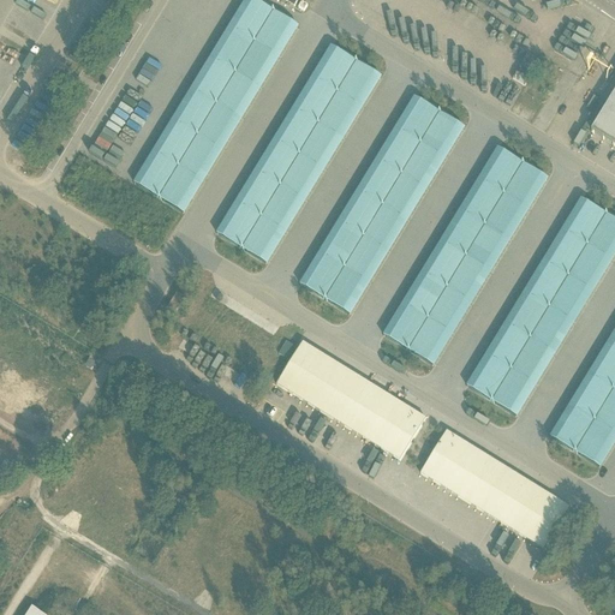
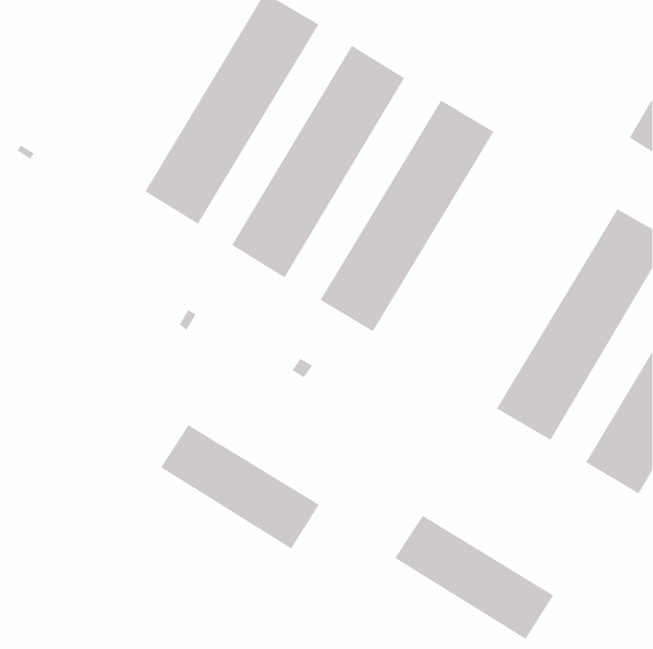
building: [383,144,548,364] -> none
building: [276,341,426,459] -> [160,424,320,549]
building: [420,430,571,548] -> [394,515,554,640]

